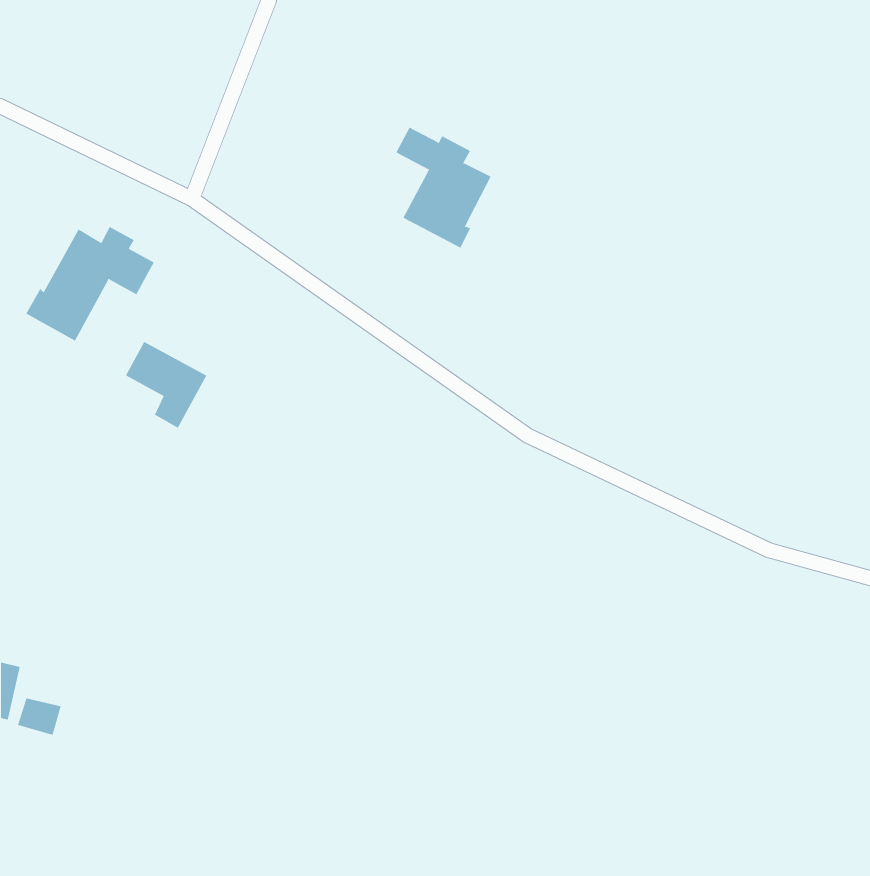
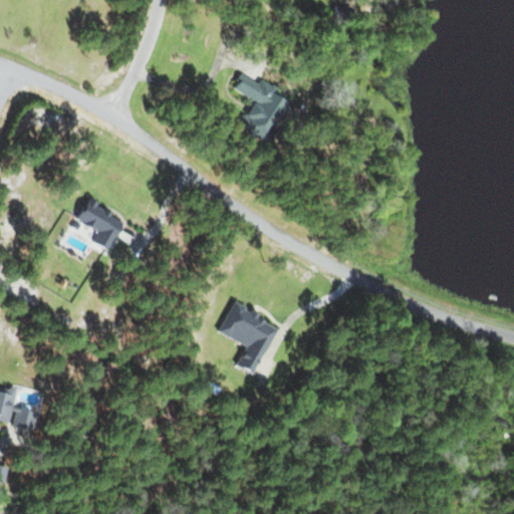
building: [25,226,155,341] -> none
building: none -> [218,303,277,373]

